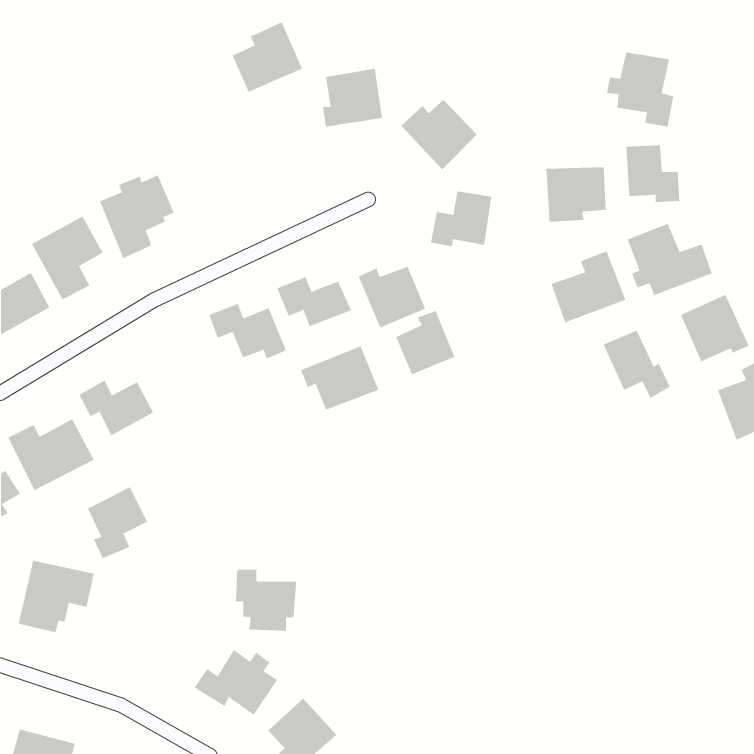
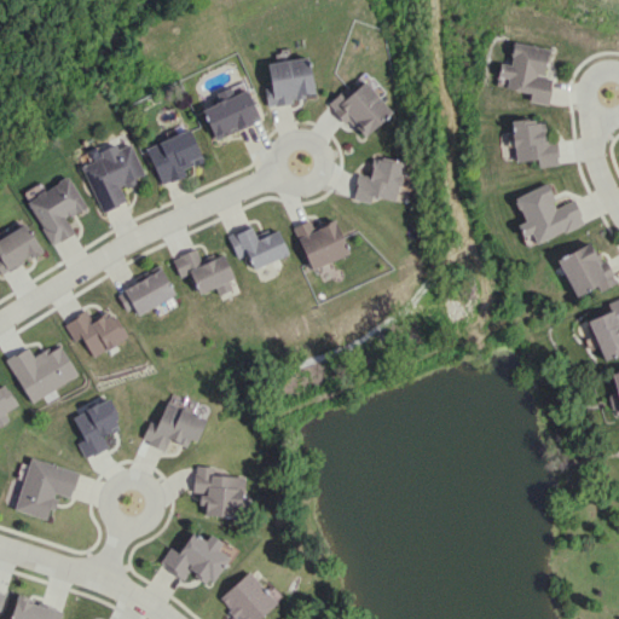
building: [232,22,303,93] -> [202,82,260,140]
building: none -> [145,129,203,186]
building: [546,166,606,223] -> none
building: [551,251,626,323] -> none
building: [395,310,455,375] -> none
building: none -> [118,268,175,318]
building: [603,330,670,399] -> none
building: [300,345,379,410] -> none
building: none -> [141,403,204,450]

